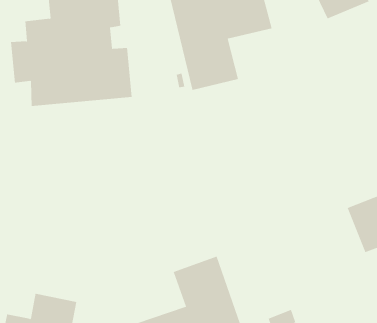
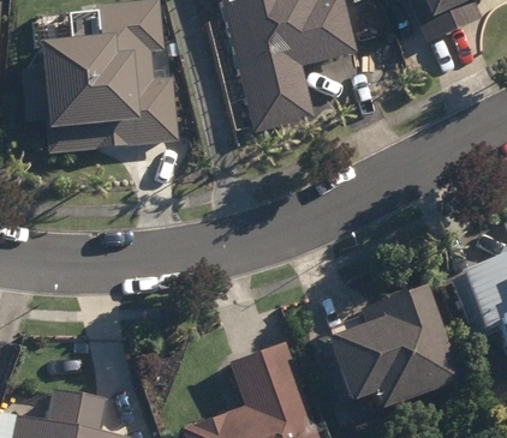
building: none -> [314,286,459,409]

